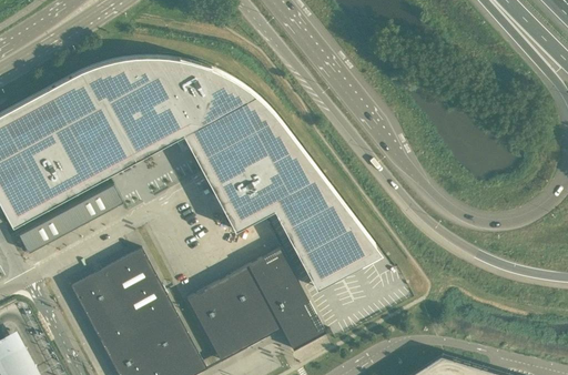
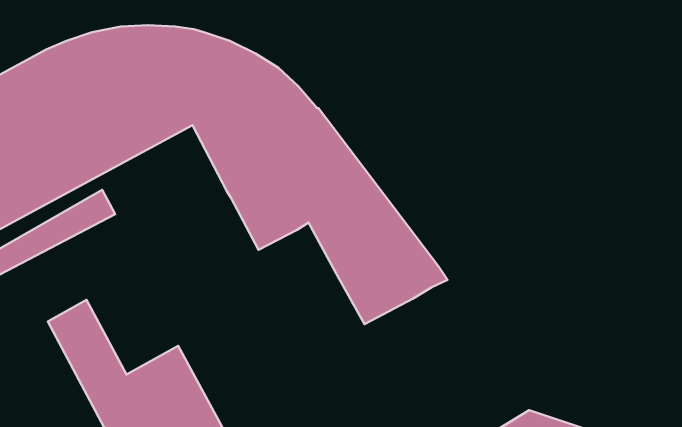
building: [101,250,172,328] -> none
building: [186,250,325,362] -> none

